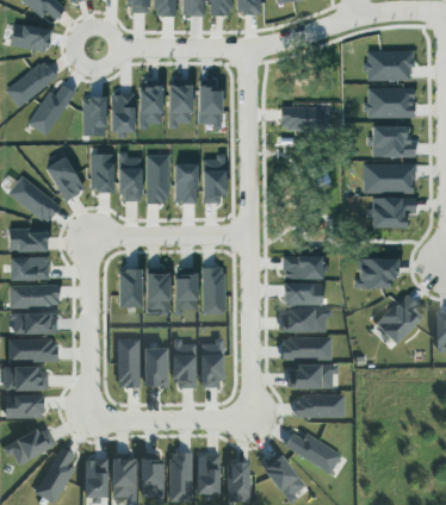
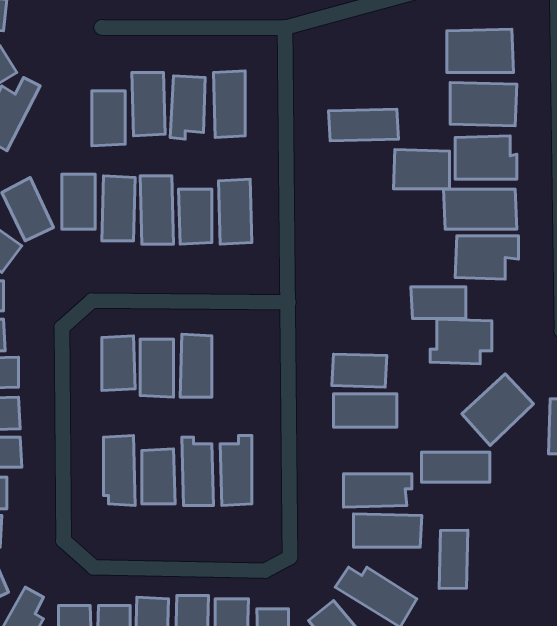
building: [82,96,105,135] -> none
building: none -> [394,150,449,189]
building: [283,255,322,278] -> [411,287,466,319]
building: [202,267,225,316] -> none
building: [284,338,333,360] -> [422,452,490,482]
building: none -> [439,530,468,588]

